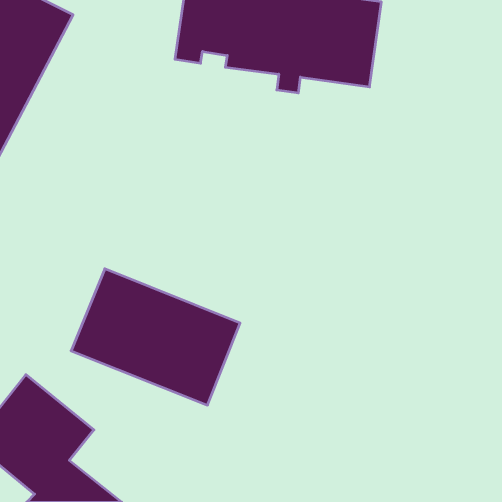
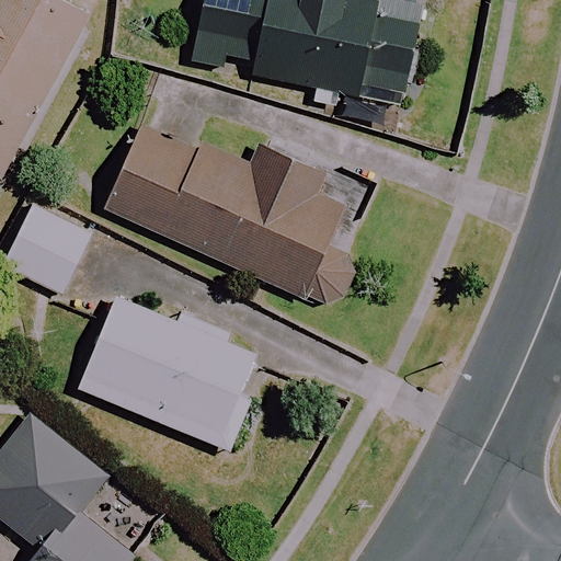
building: none -> [106,125,351,307]
building: none -> [9,210,88,291]

